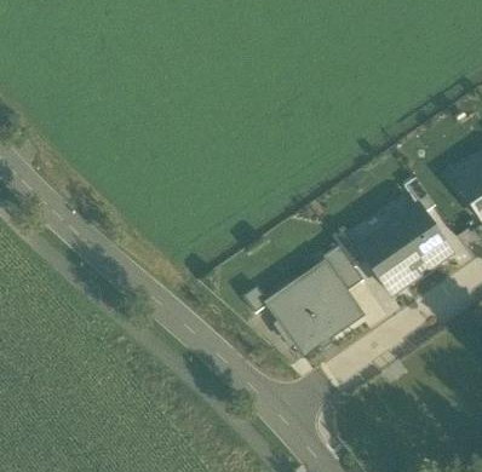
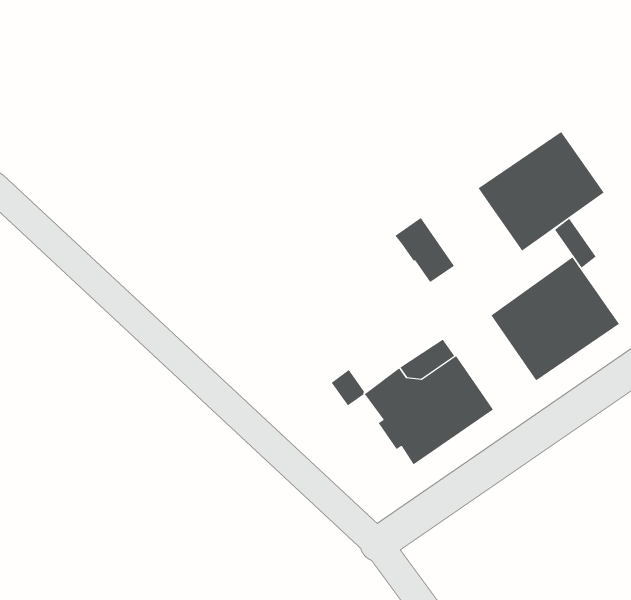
building: none -> [478,131,605,252]
building: [319,242,362,289] -> [394,217,455,283]

